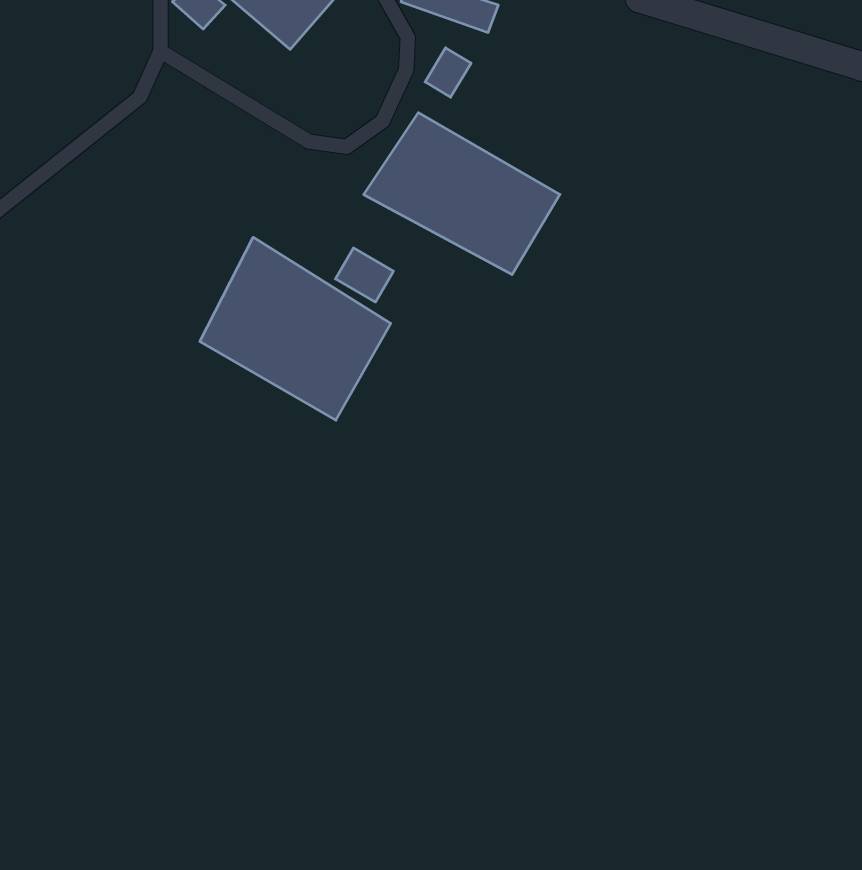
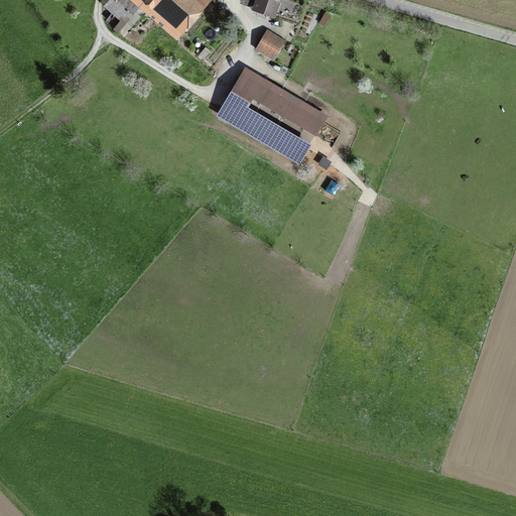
building: [200,237,391,420] -> none
building: [335,248,393,302] -> none

